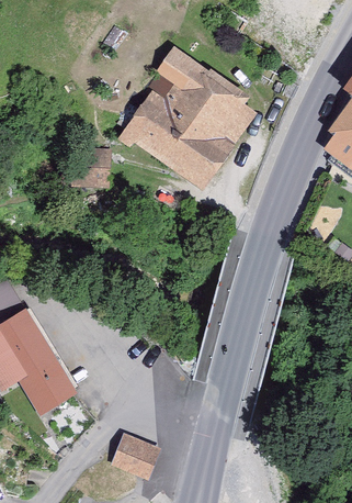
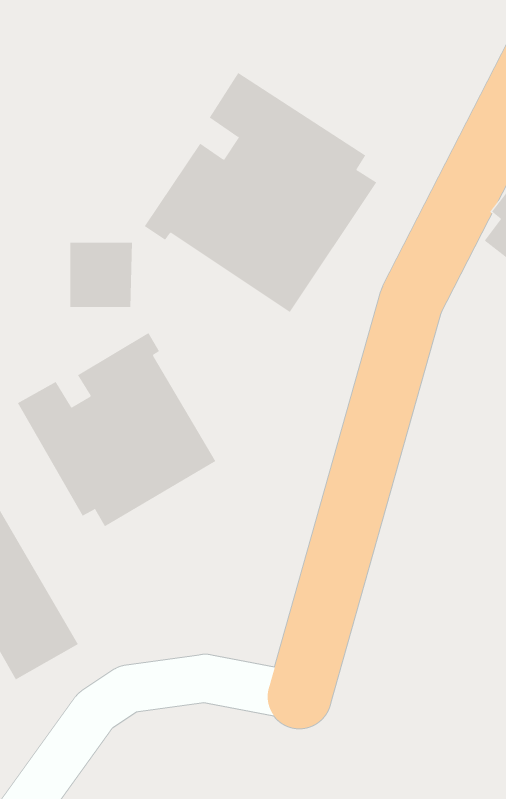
building: none -> [17,332,216,527]
building: [111,433,159,477] -> none

